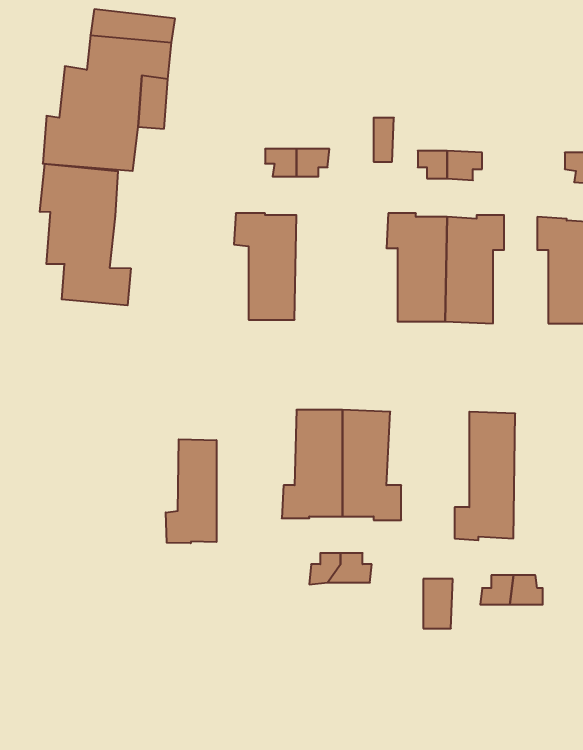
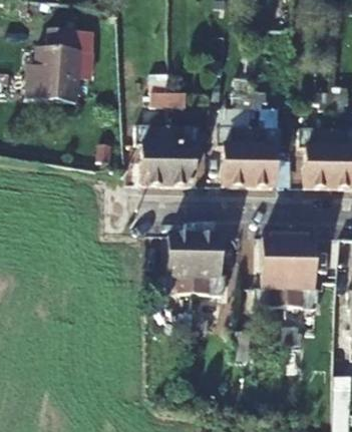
building: [40,164,131,305] -> none
building: none -> [166,128,201,186]
building: none -> [286,238,318,308]
building: [166,439,216,543] -> none

